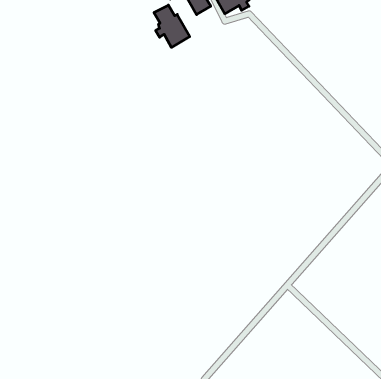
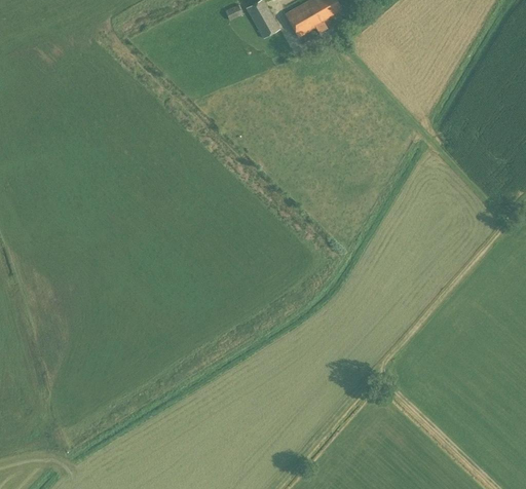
building: [154,5,190,47] -> none

